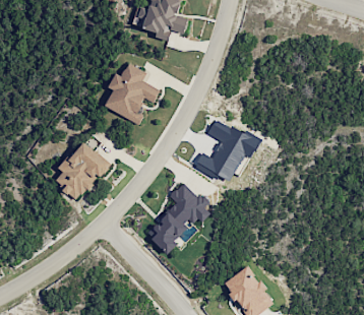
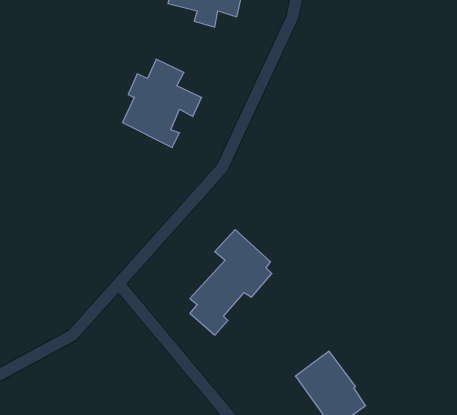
building: [194,120,259,181] -> none
building: [54,141,111,200] -> none

